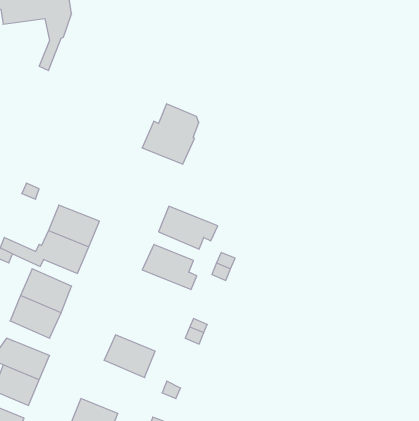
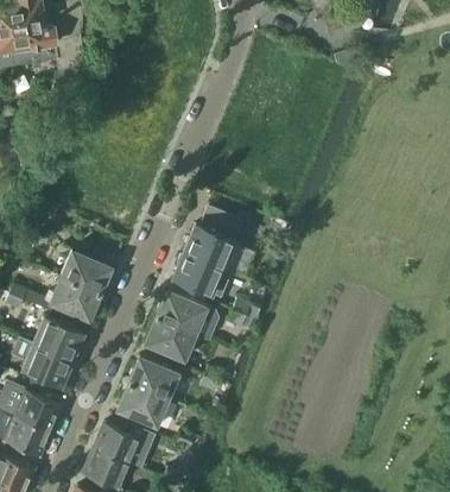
building: [142,104,199,164] -> [183,207,241,269]
building: none -> [145,317,205,361]
building: none -> [128,358,180,400]
building: none -> [93,424,141,465]

